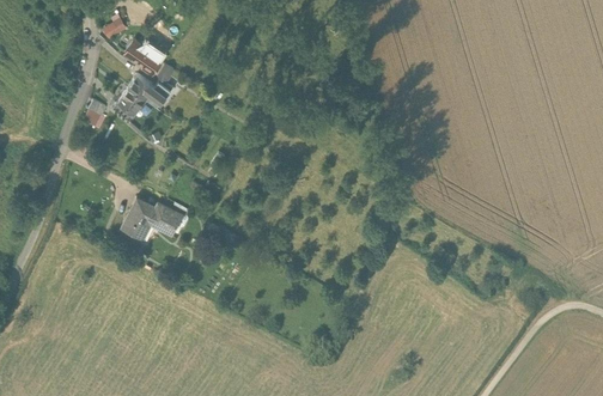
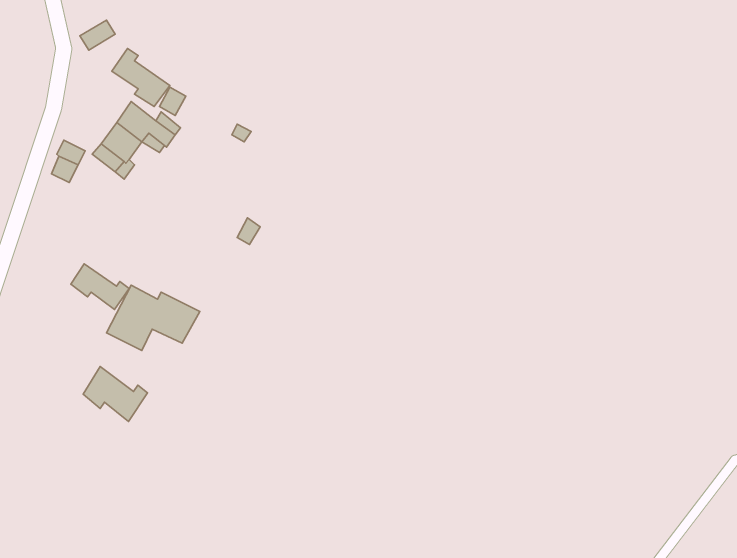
building: none -> [71,264,129,309]
building: none -> [83,366,147,422]

